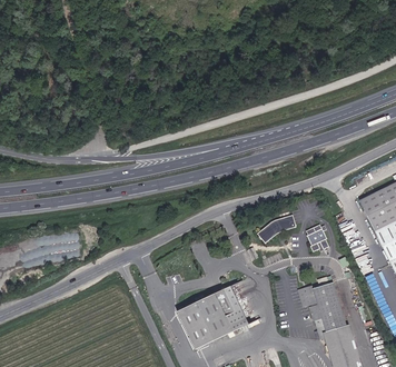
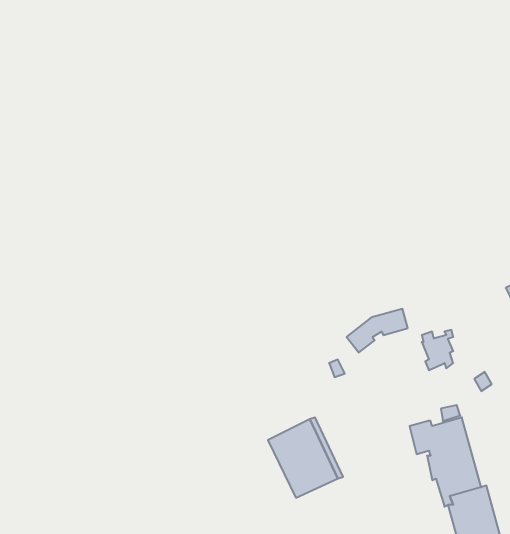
building: [179,297,227,348] -> none

